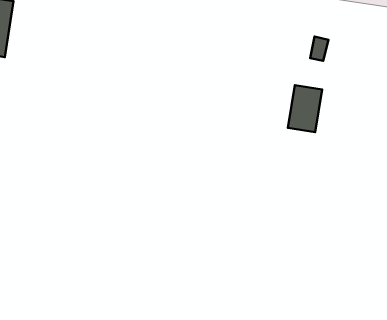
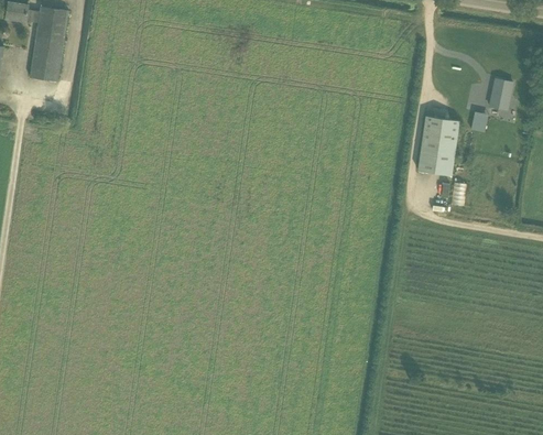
building: [310,36,329,61] -> [489,78,512,109]

